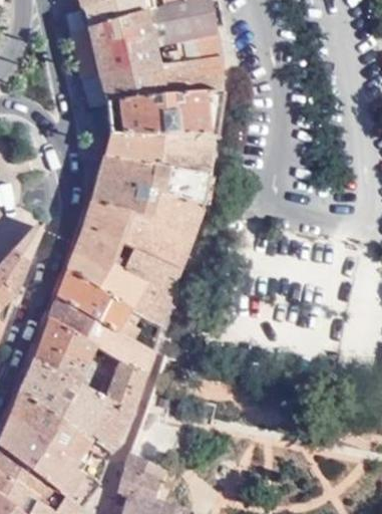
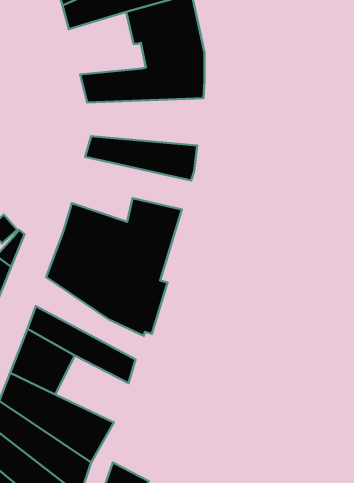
building: [87,13,158,74] -> none
building: [105,97,219,144] -> none
building: [90,155,207,218] -> none
building: [55,272,126,333] -> none
building: [74,348,145,414] -> none

